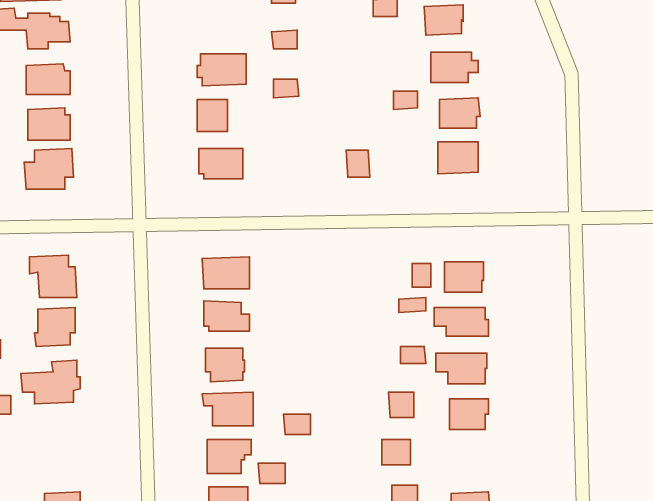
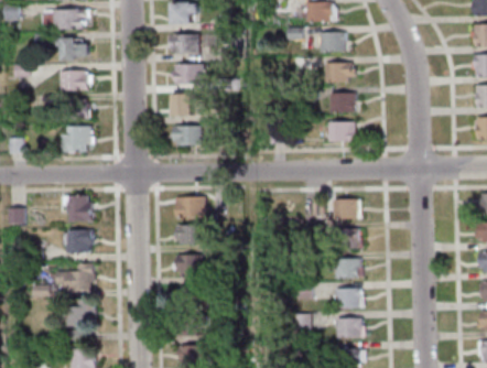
building: none -> [171,34,199,54]
building: none -> [67,300,98,343]
building: none -> [336,318,362,338]

